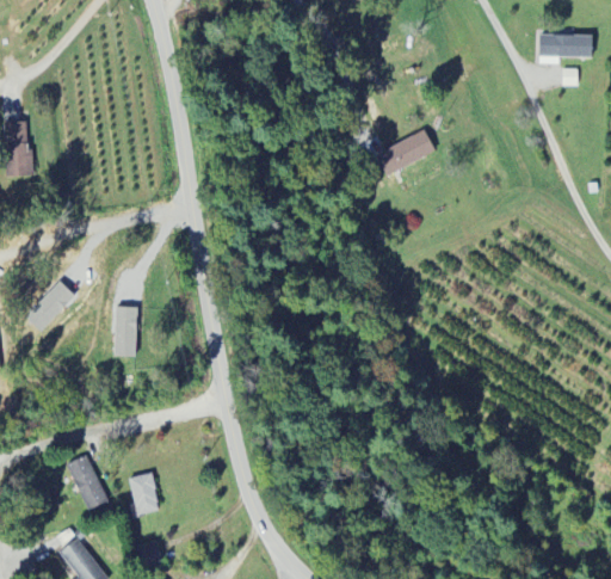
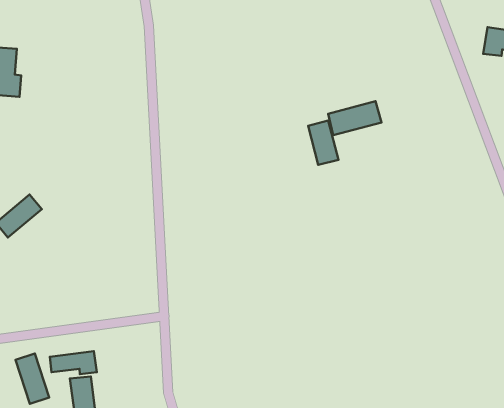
building: none -> [308,121,338,165]
building: [113,304,136,355] -> none
building: none -> [50,351,97,374]

